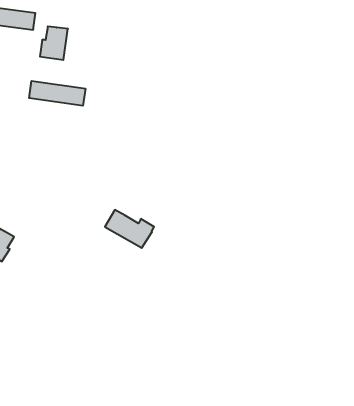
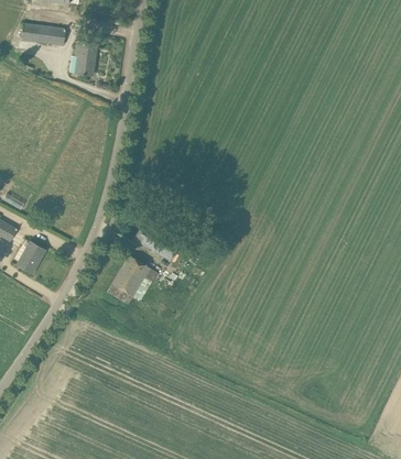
building: [29,81,85,106] -> none
building: none -> [107,254,158,304]

